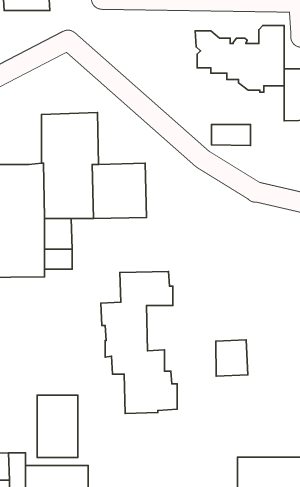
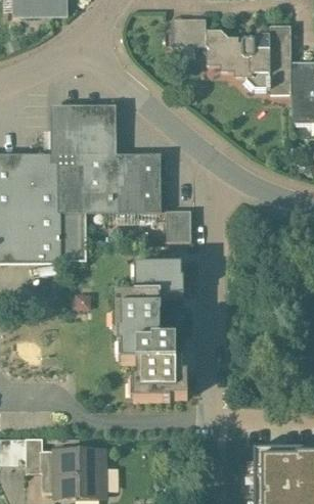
building: none -> [172,19,206,47]
building: [212,124,250,146] -> none
building: none -> [166,210,190,240]
building: [216,340,248,376] -> none
building: [37,395,78,457] -> none

